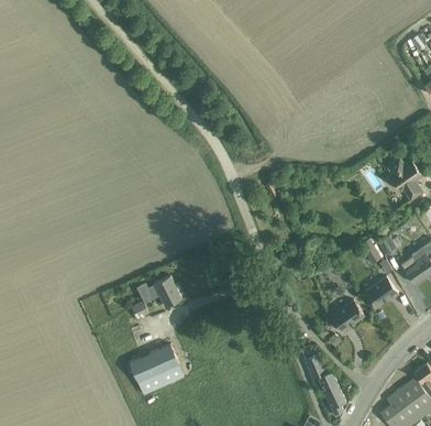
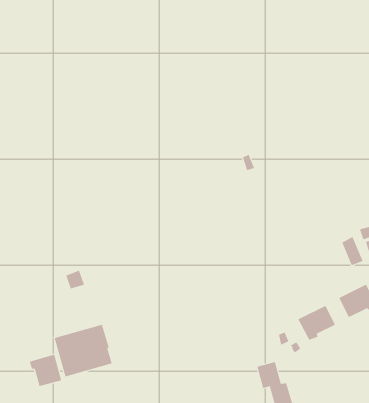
building: [147,275,181,307] -> none
building: none -> [29,354,62,387]

